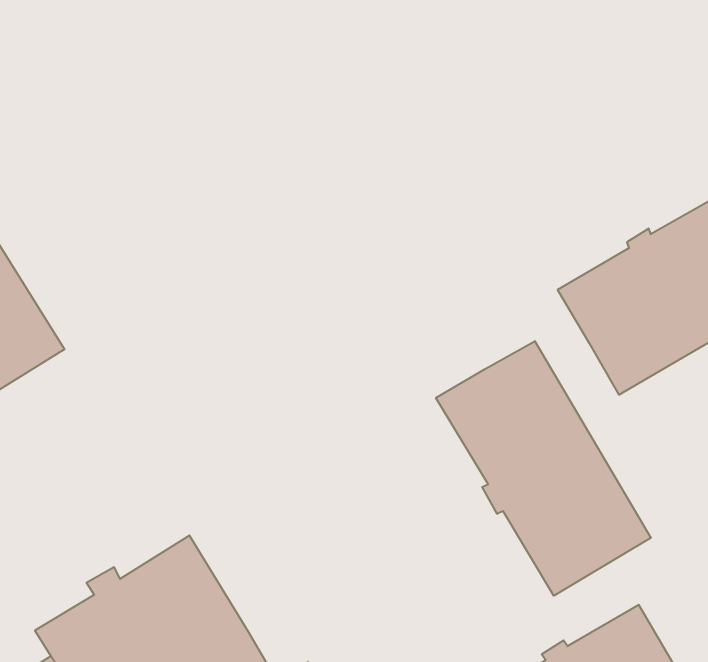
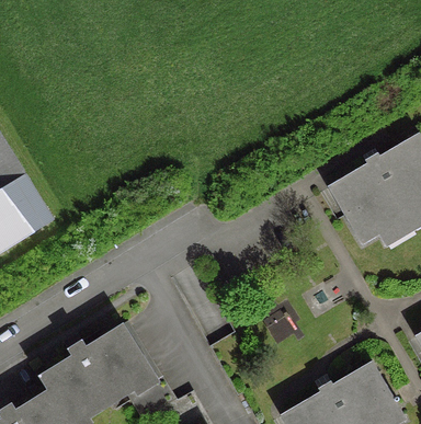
building: [436,341,651,596] -> none

